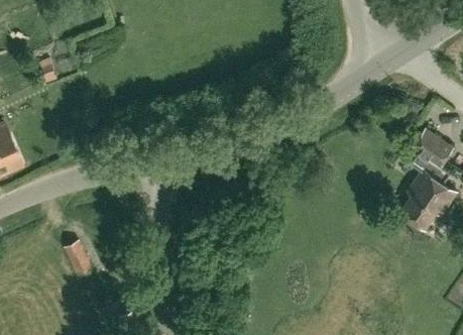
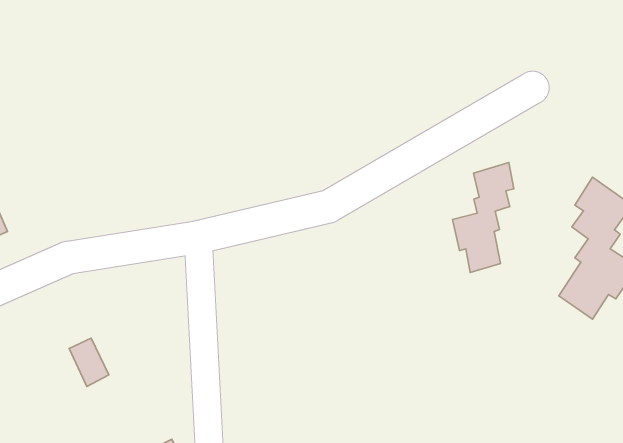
building: none -> [453,162,514,273]

